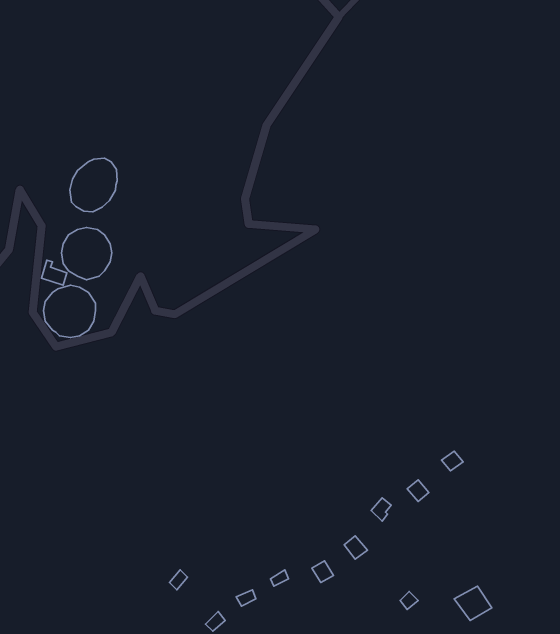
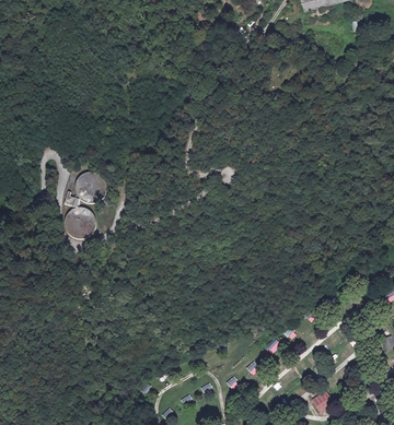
building: [70,158,117,212] -> none

